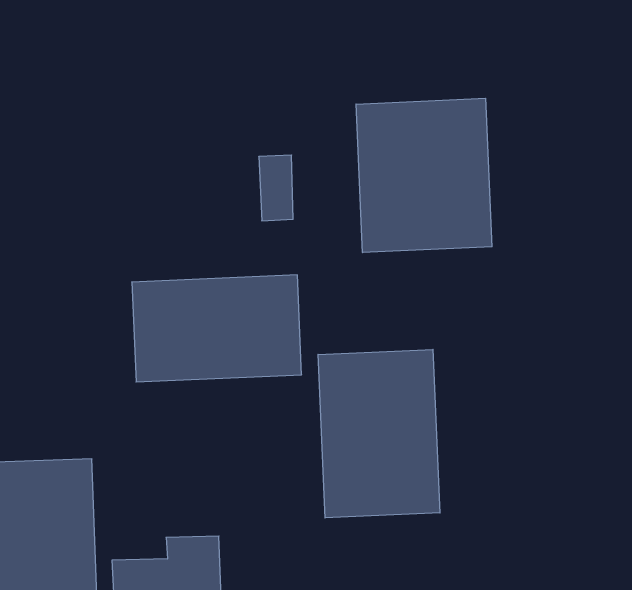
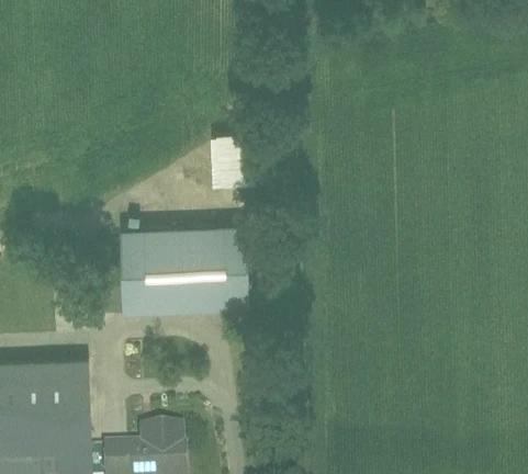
building: [356,98,492,253] -> none
building: [318,349,440,518] -> none

